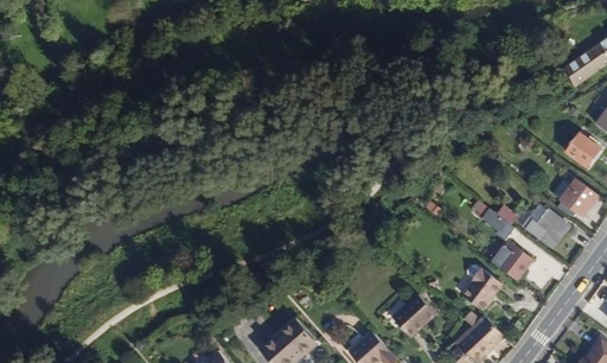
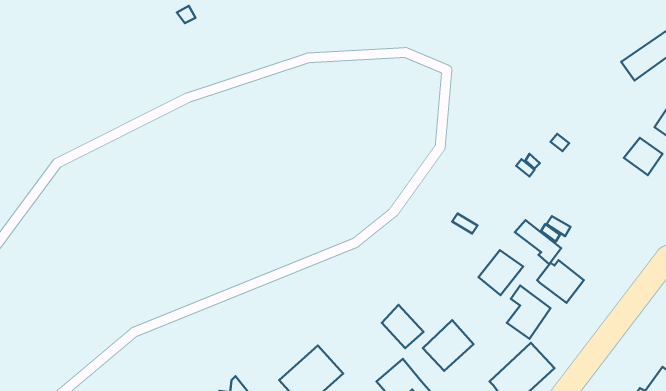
building: [560,177,596,214] -> none
building: [522,200,570,247] -> none
building: none -> [478,250,523,295]
building: none -> [382,305,424,348]

